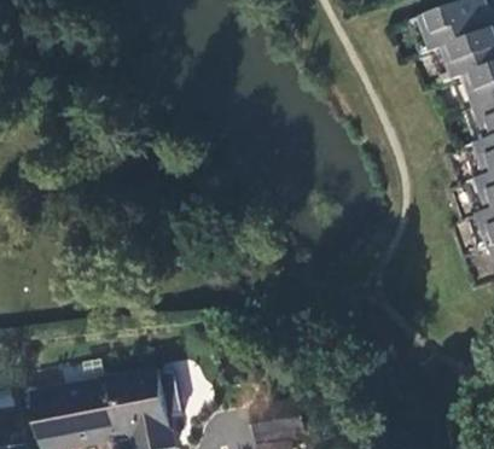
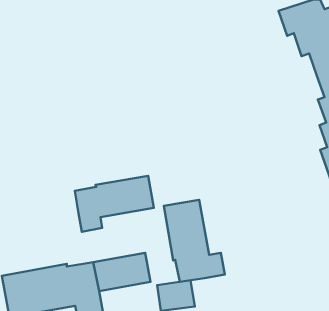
building: none -> [75,176,154,232]
building: none -> [164,200,225,282]

